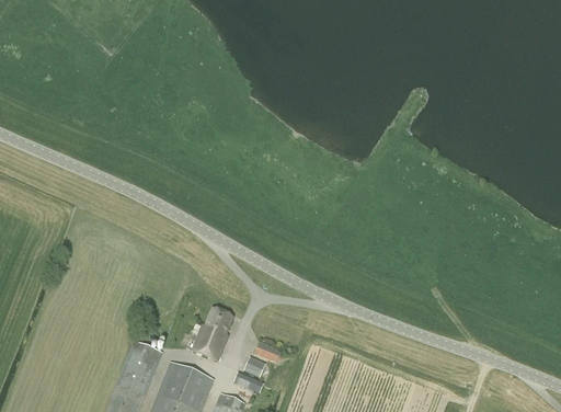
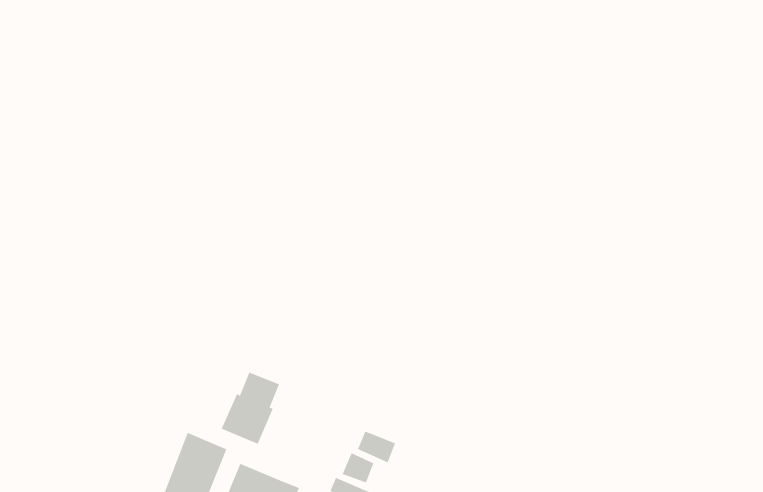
building: [192,308,233,359] -> [221,372,280,444]

